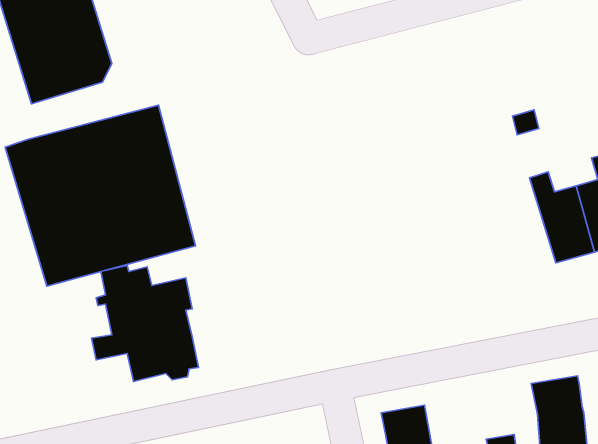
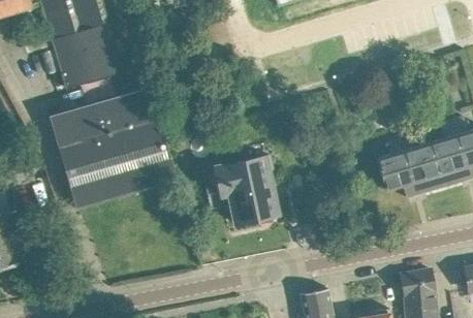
building: none -> [376,136,416,197]
building: [92,265,198,381] -> [207,146,278,223]

